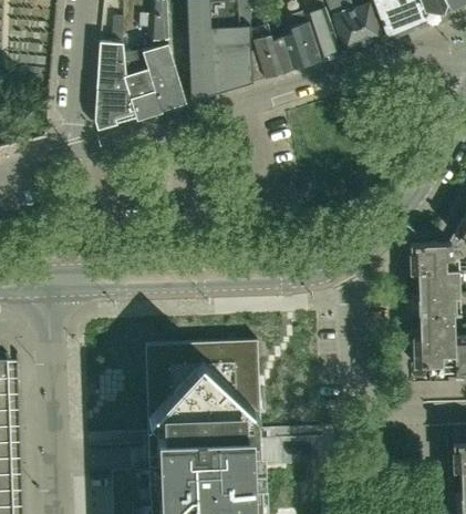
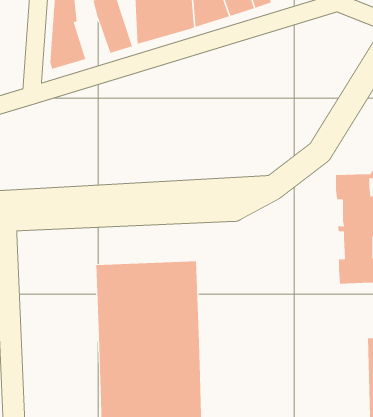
building: [123,69,162,119] -> none

